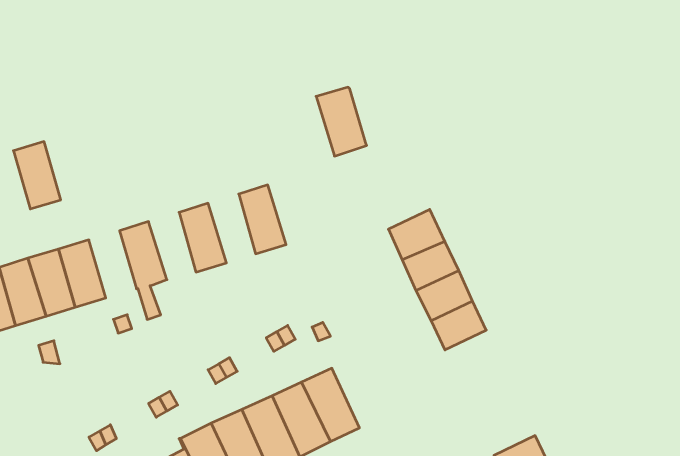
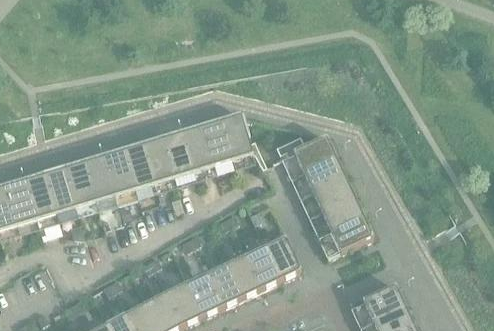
building: [316,87,367,156] -> [212,116,245,161]
building: [13,142,61,209] -> [95,152,126,196]
building: none -> [173,128,204,173]
building: none -> [134,140,165,184]
building: none -> [328,217,365,251]
building: none -> [254,232,293,281]

